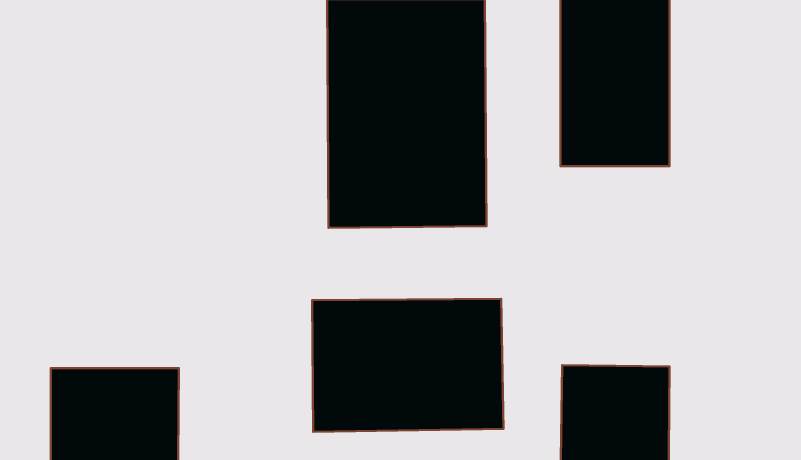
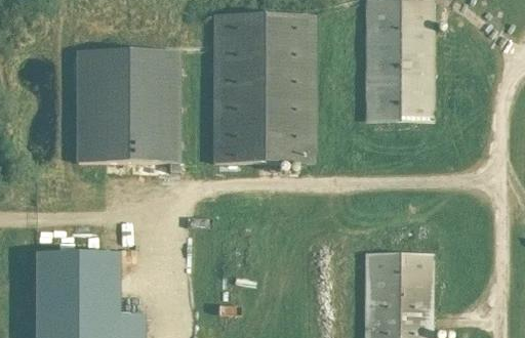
building: none -> [77,48,184,163]
building: [312,299,503,432] -> none

